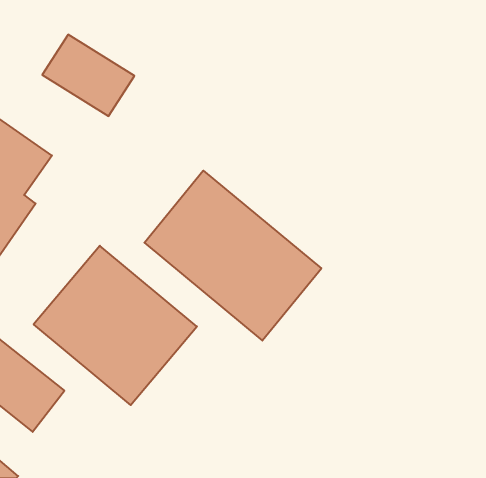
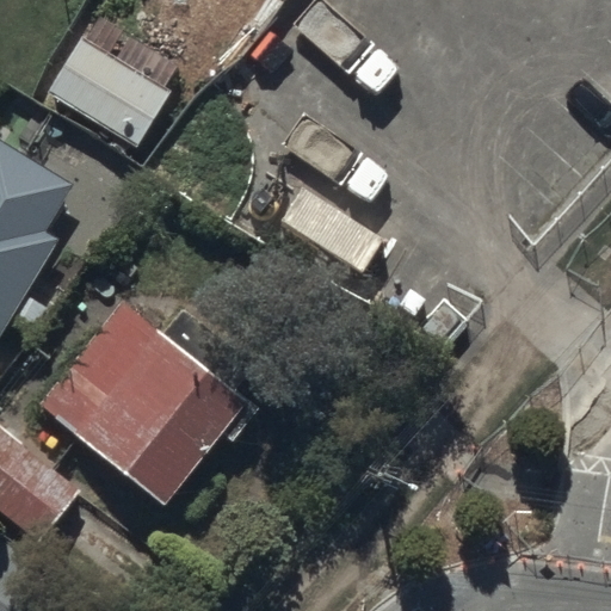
building: [144,171,321,341] -> none

